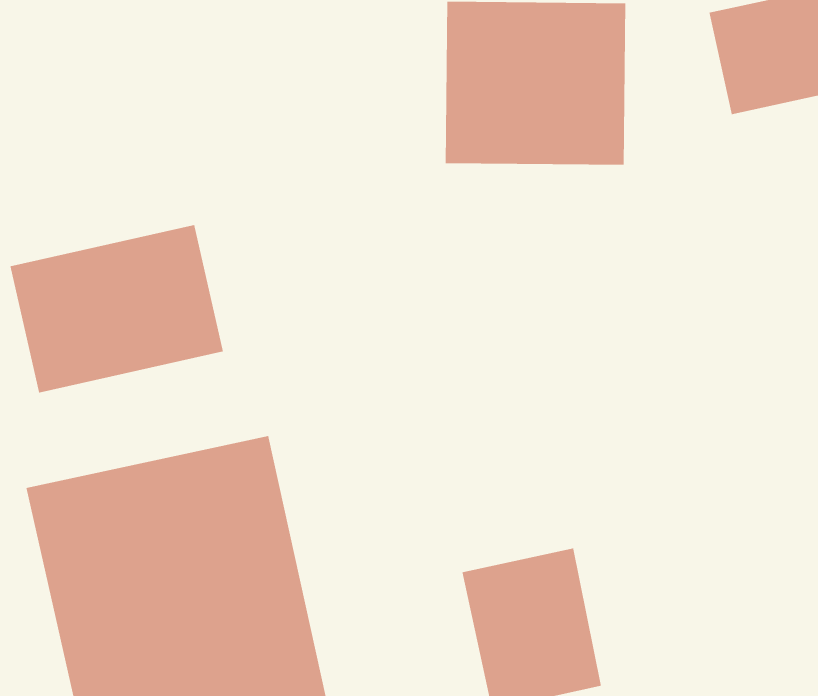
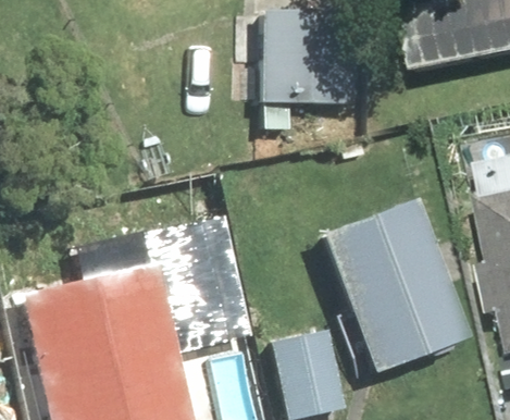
building: [9,224,224,394] -> none
building: none -> [320,197,467,372]

